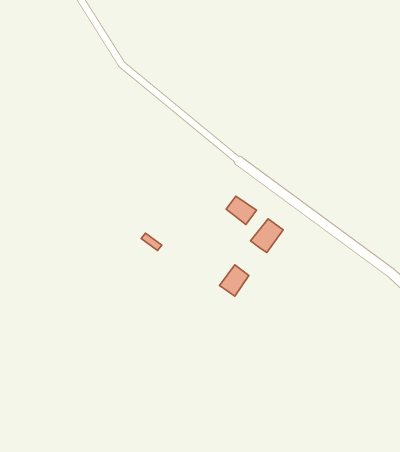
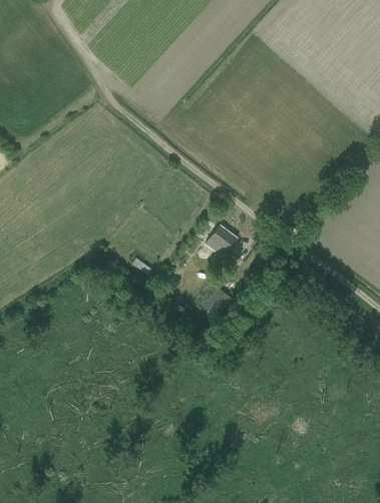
building: [250,219,283,253] -> none

